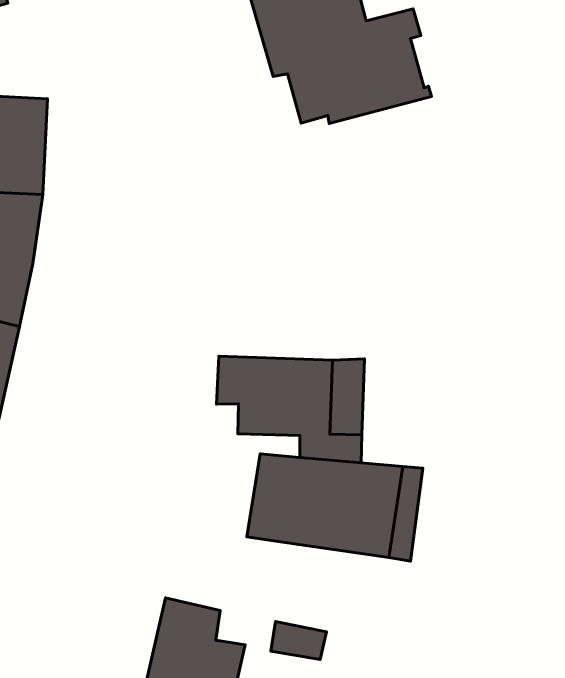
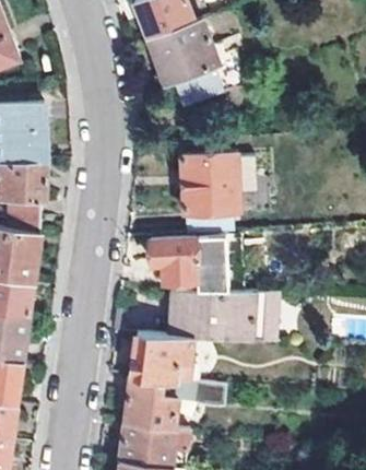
building: none -> [180,153,238,214]
building: none -> [131,336,191,380]

